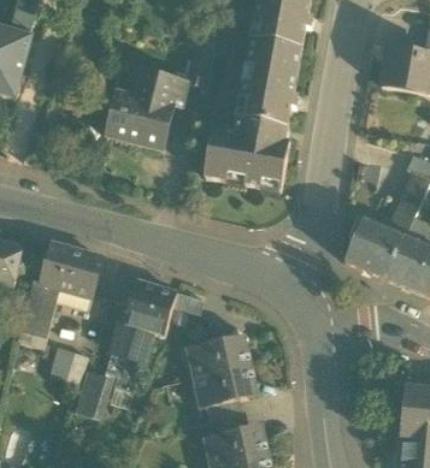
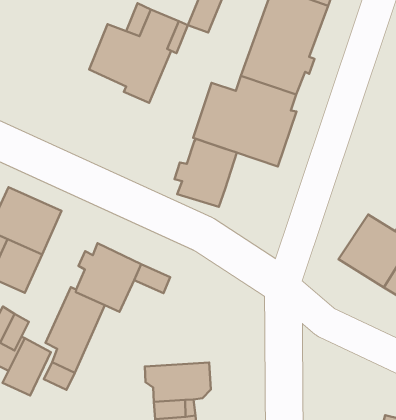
building: none -> [174,139,237,207]
building: [190,336,247,377] -> none

